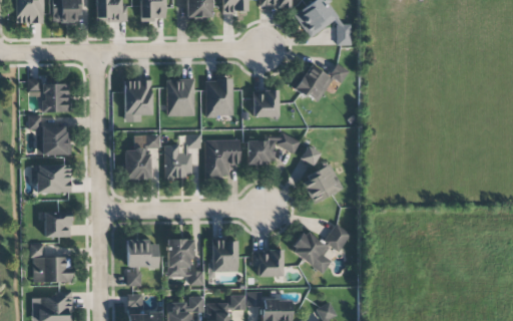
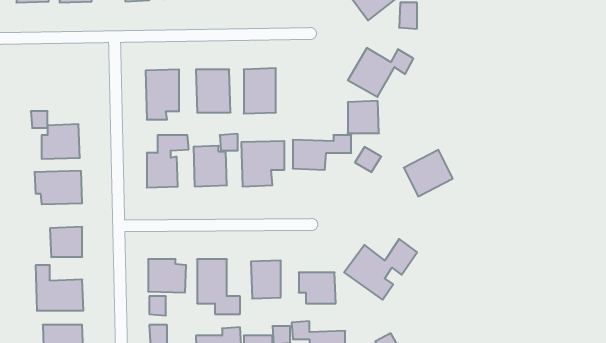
building: [28,78,69,112] -> none
building: [253,89,280,116] -> [348,101,379,133]
building: [302,165,343,204] -> [404,150,453,196]

